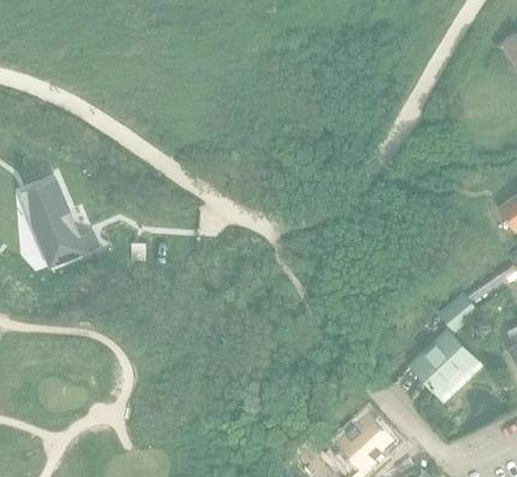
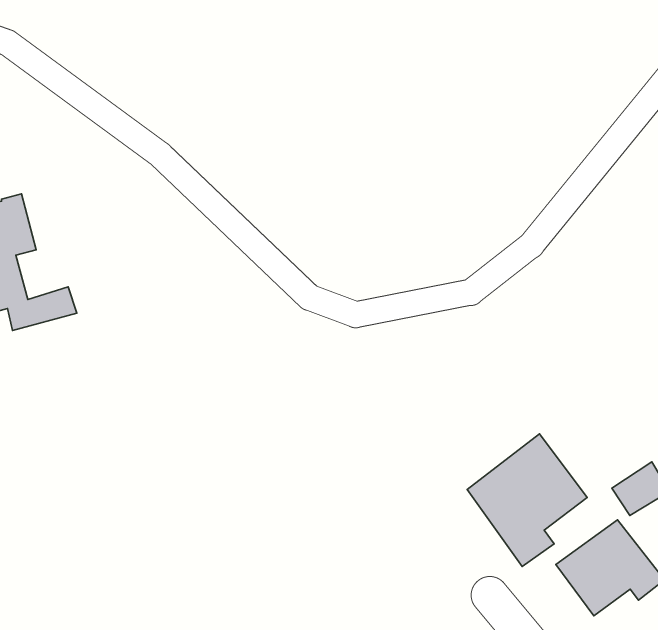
building: none -> [467,434,587,566]

